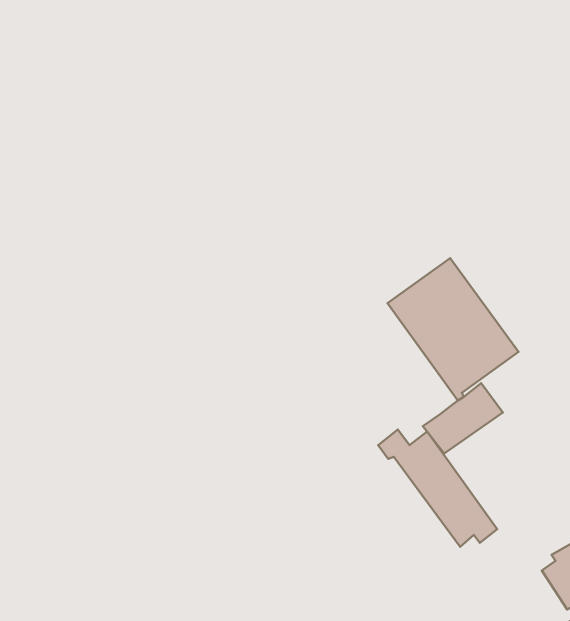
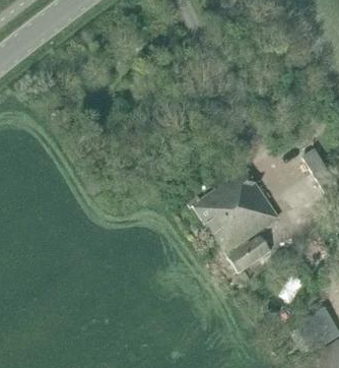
building: [378,430,497,547] -> [186,194,248,255]

